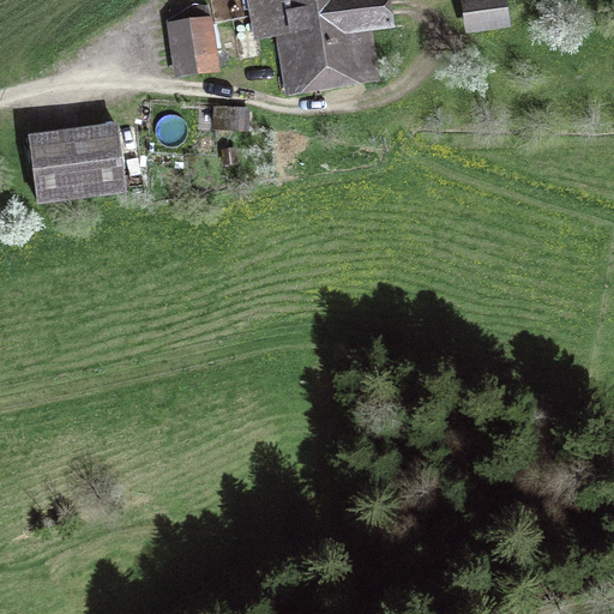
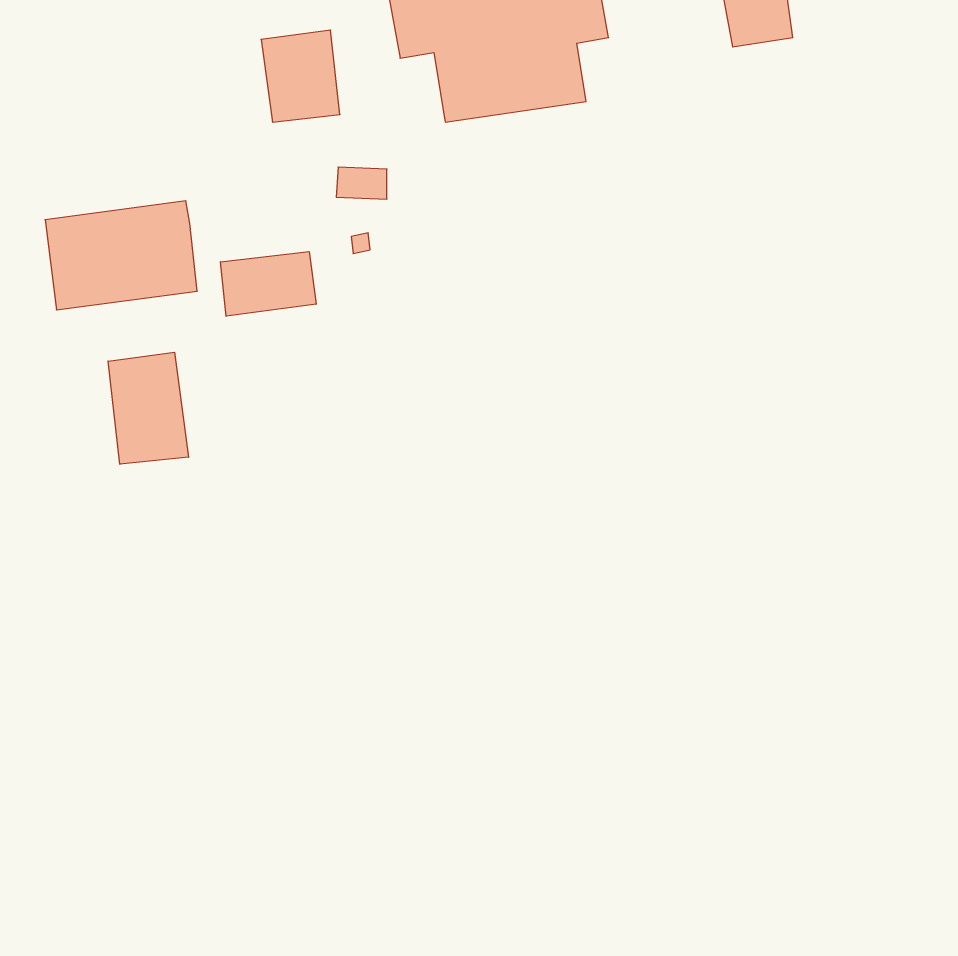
building: none -> [221,252,316,316]
building: none -> [108,352,189,464]

